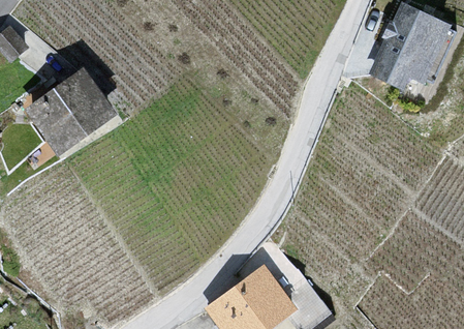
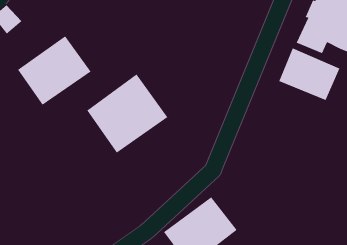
building: none -> [279,48,340,101]
building: none -> [87,74,168,154]

